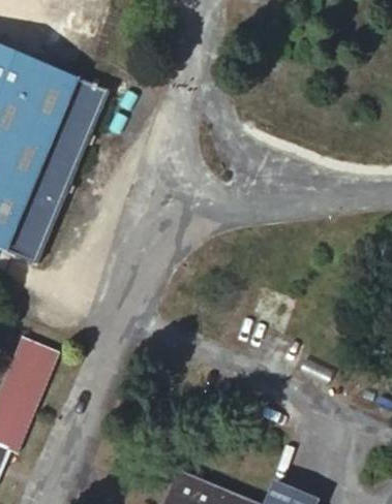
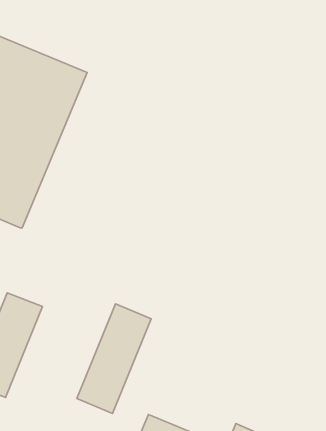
building: none -> [77,304,151,414]

